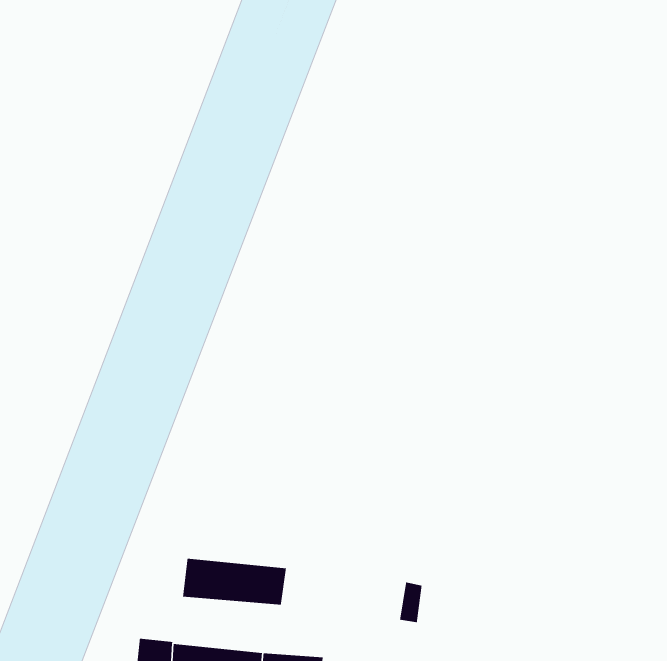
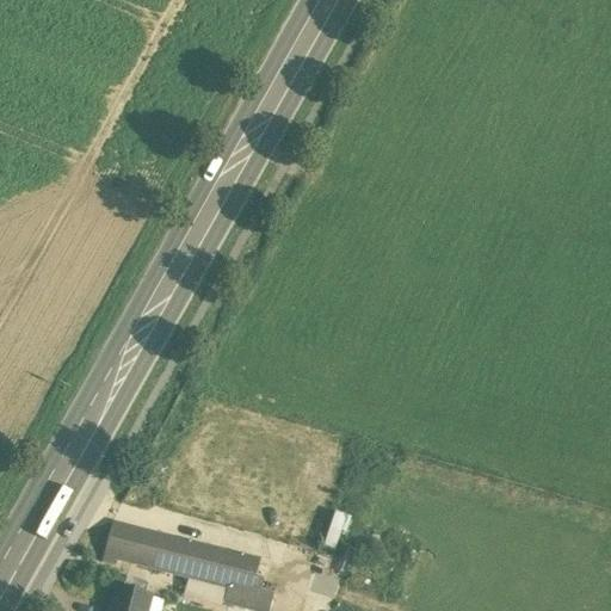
building: [182,558,287,605] -> none

